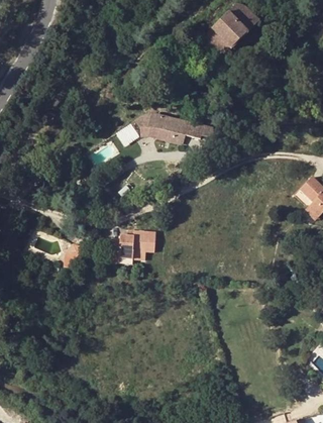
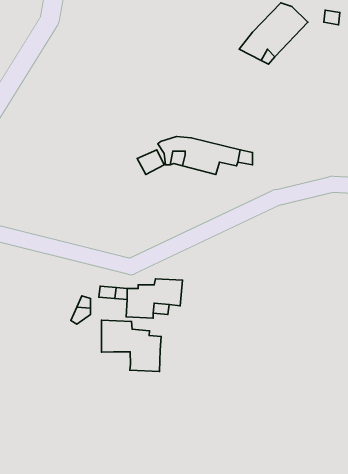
building: none -> [102,320,161,371]

